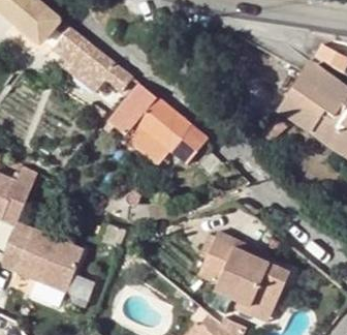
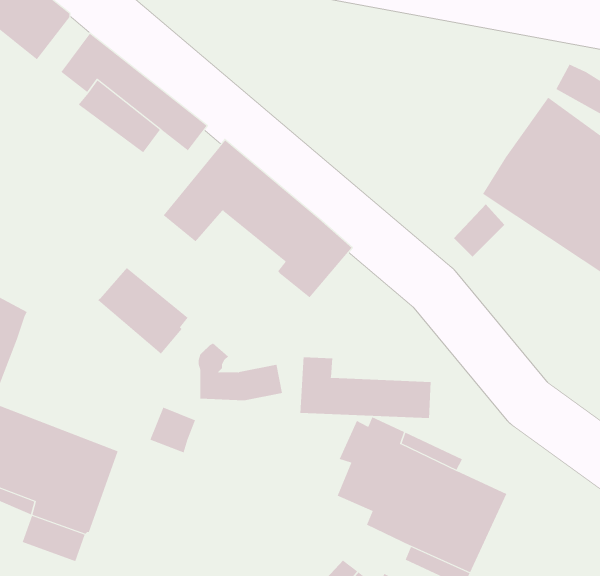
building: [124,121,172,168] -> [98,267,188,354]
building: none -> [300,356,431,419]

